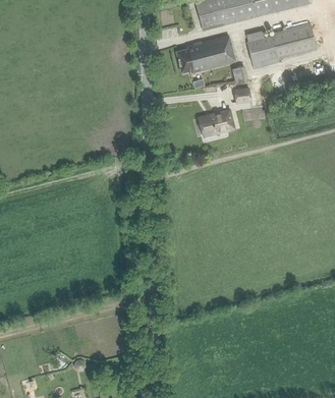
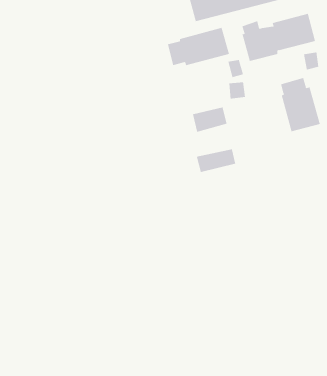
building: none -> [281,77,321,132]
building: none -> [196,148,236,173]

